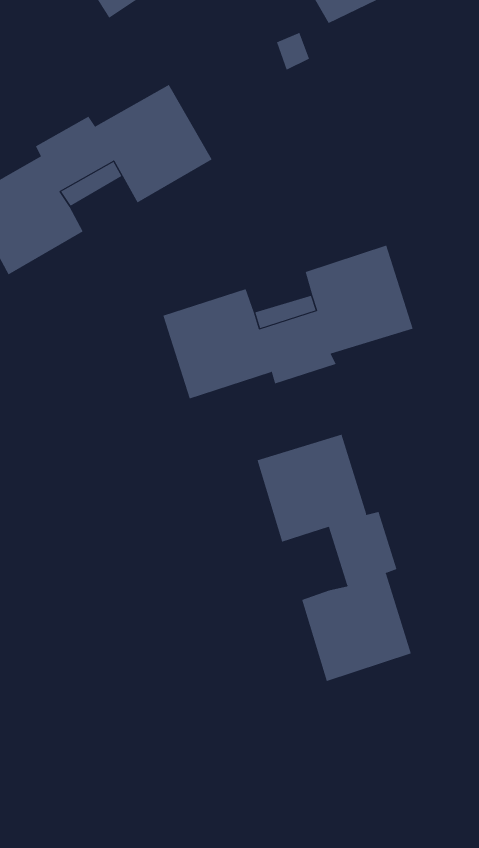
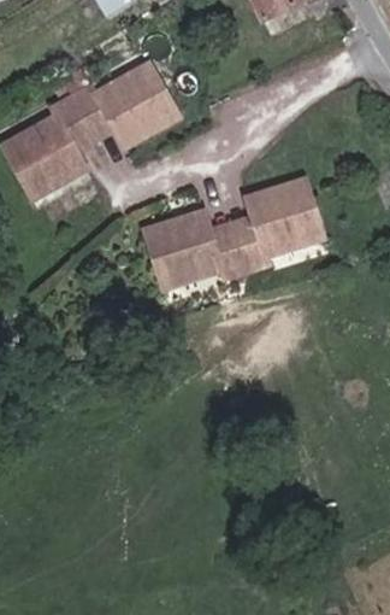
building: [257,434,411,682] -> none

